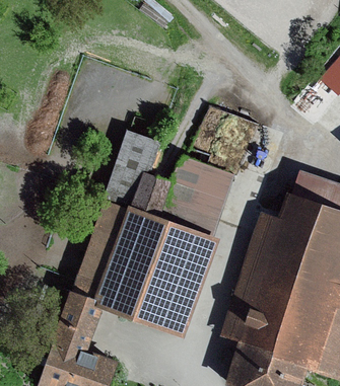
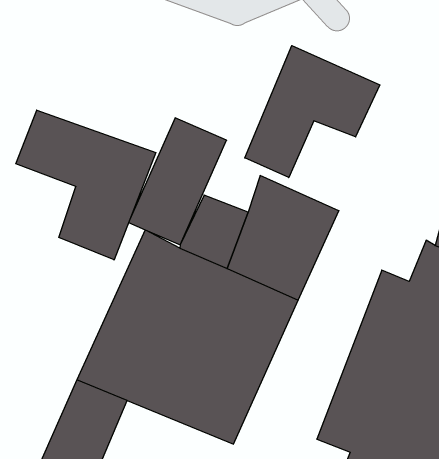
building: none -> [245,46,380,178]
building: none -> [16,110,156,260]

